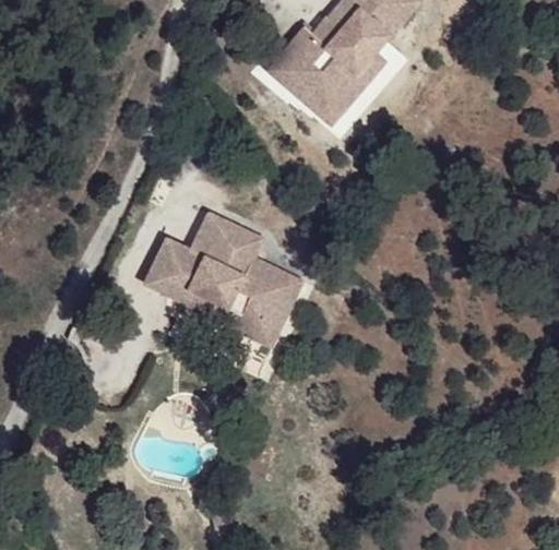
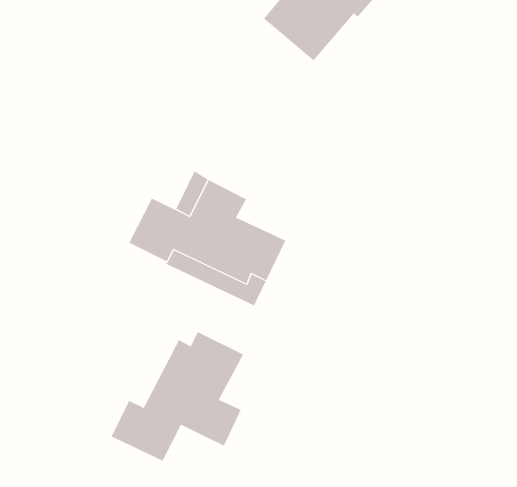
building: [267,52,384,123] -> none
building: none -> [111,331,244,462]

